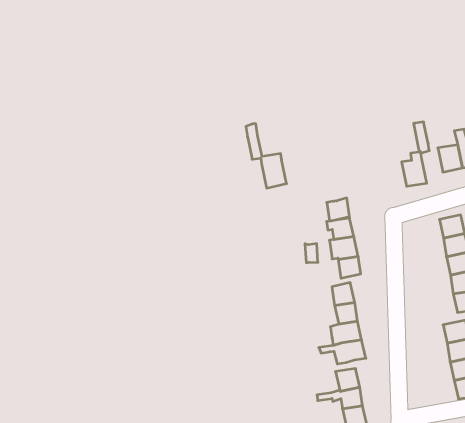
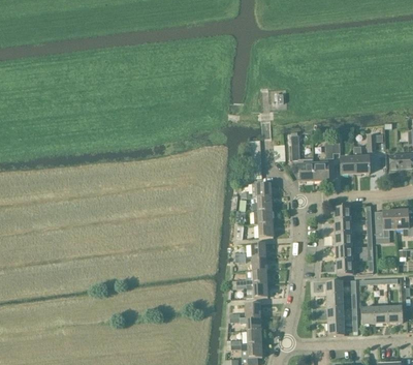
building: [246,124,287,188] -> [291,134,314,181]

